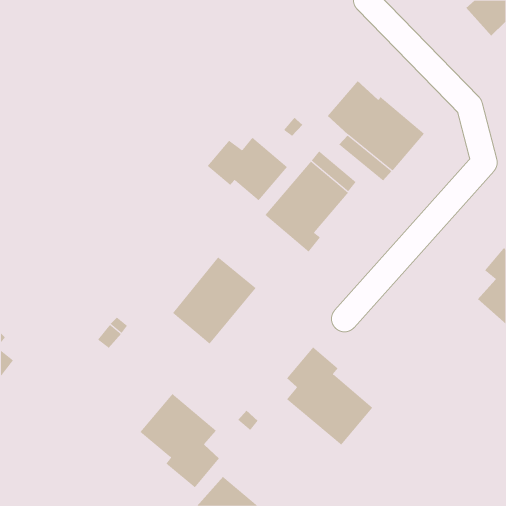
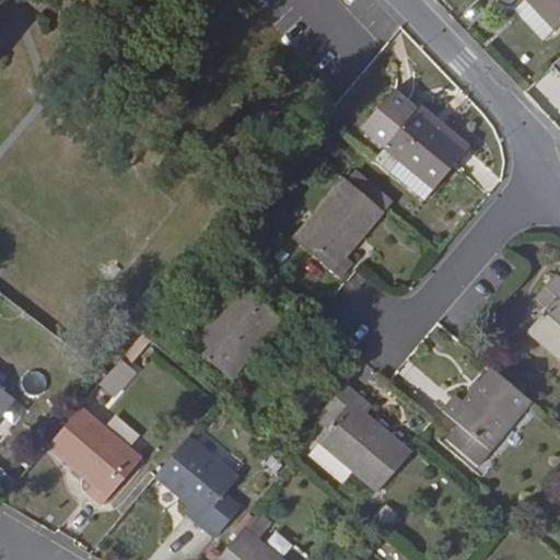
building: [207,137,288,201] -> none
building: none -> [442,366,534,466]
building: none -> [46,405,143,506]

